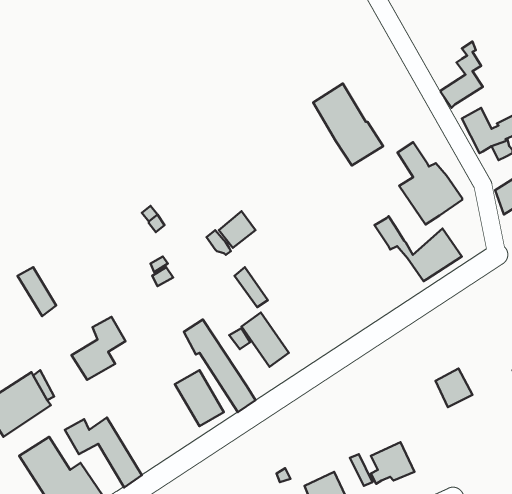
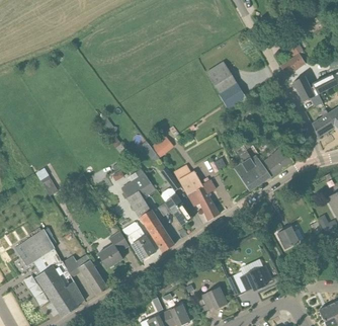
building: [397,142,462,224] -> [233,143,270,190]
building: none -> [178,170,219,220]
building: none -> [122,173,155,205]
building: [71,317,126,380] -> [97,231,129,267]

